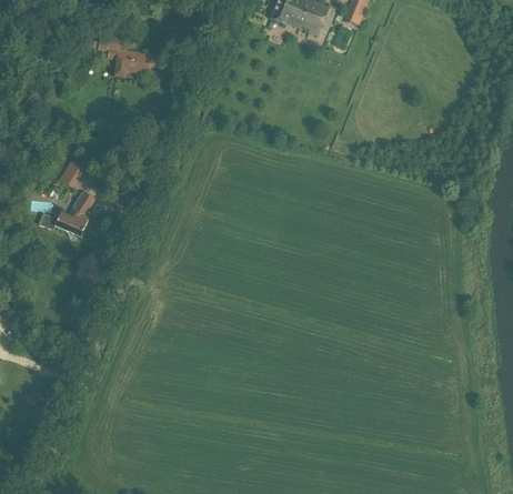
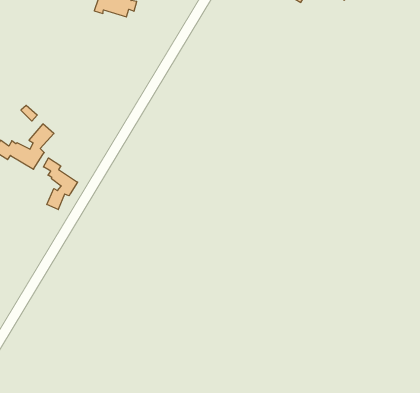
building: none -> [43,158,78,210]

